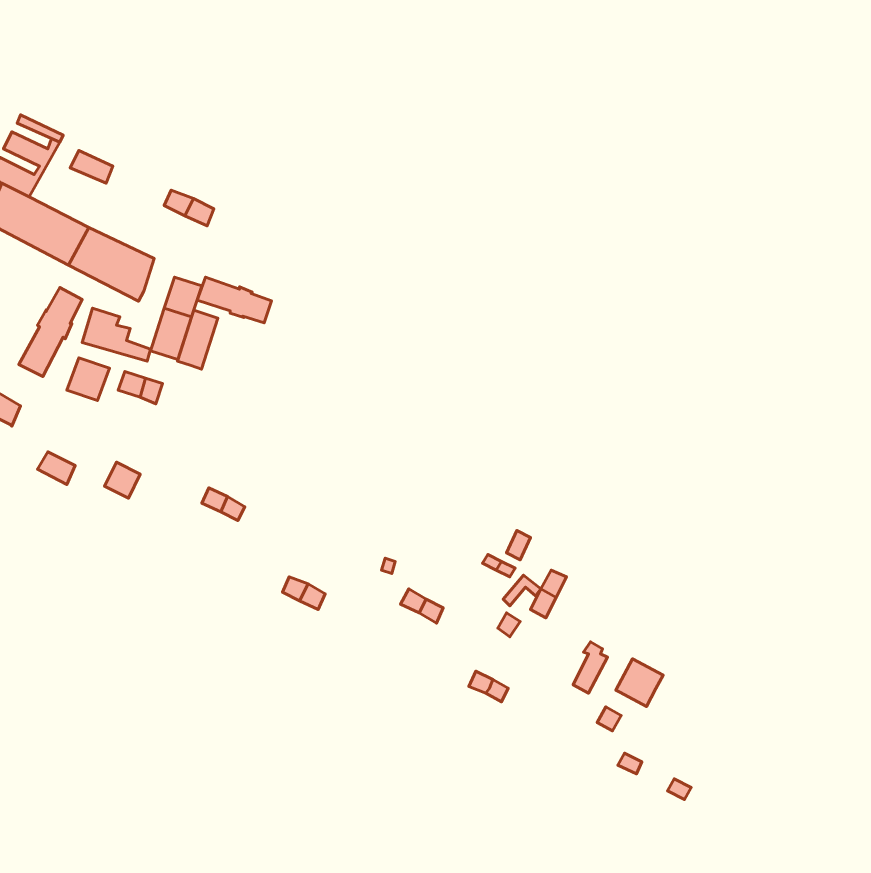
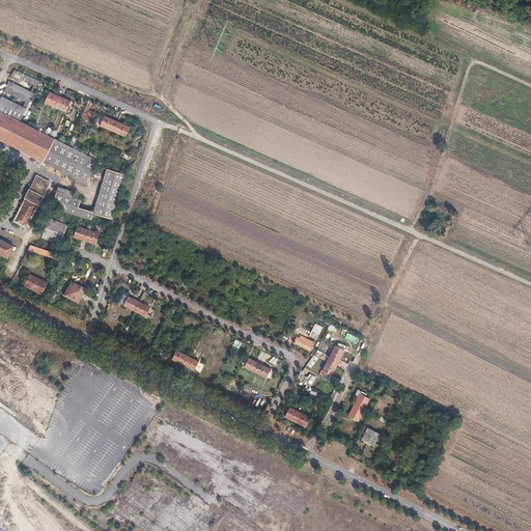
building: [197,277,271,323] -> none
building: [177,310,218,369] -> none
building: [616,659,663,706] -> none

